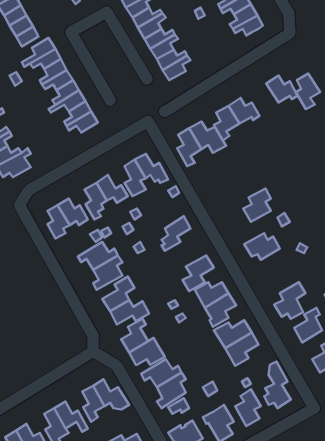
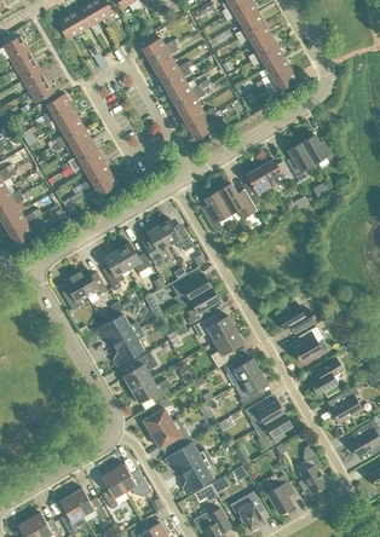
building: [296,73,320,109] -> [287,143,313,181]
building: [243,188,271,222] -> [292,327,322,363]
building: none -> [169,273,211,304]
building: none -> [192,316,235,341]

